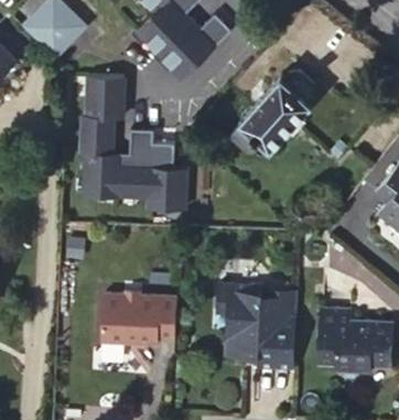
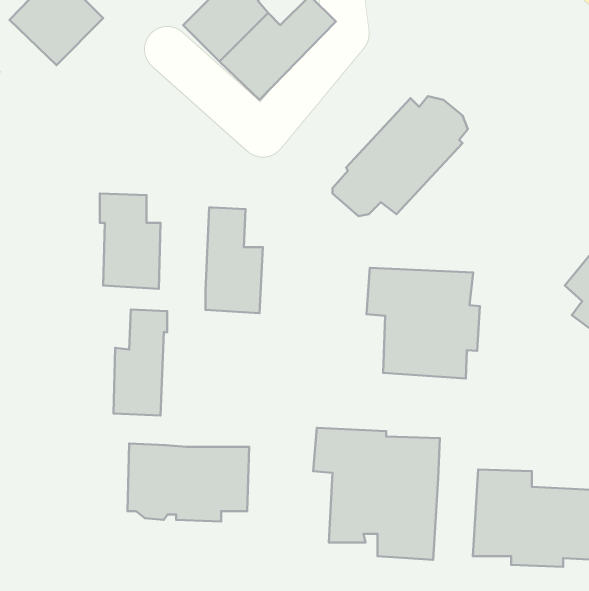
building: [82,77,123,137] -> none
building: [119,130,153,197] -> [114,309,167,415]
building: none -> [367,268,480,379]

